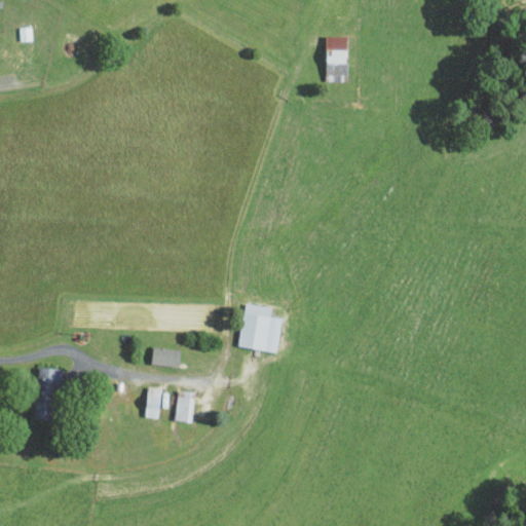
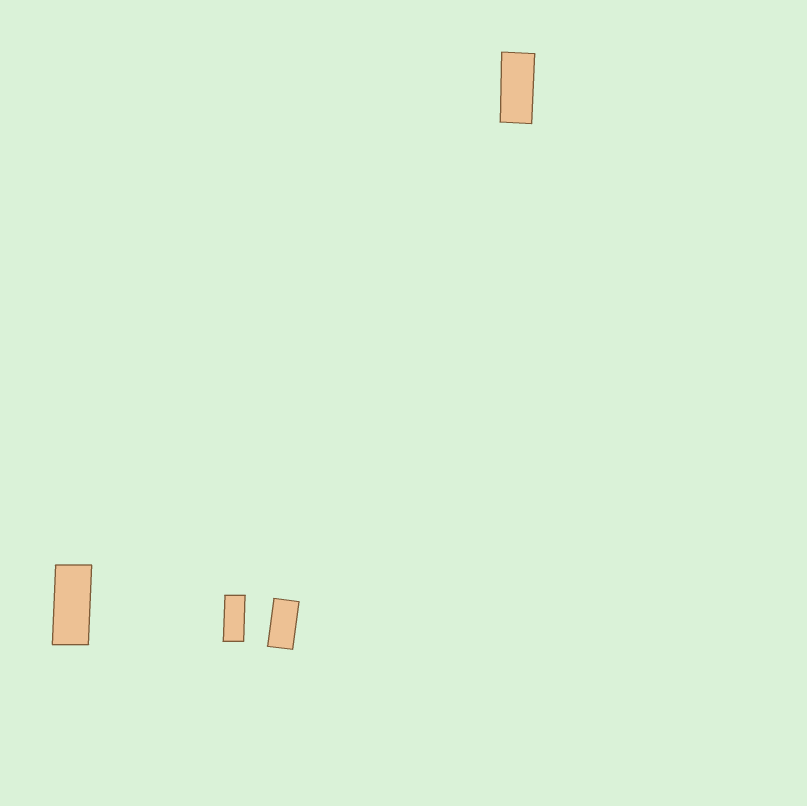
building: [238,304,283,352] -> none
building: [151,347,181,368] -> none

